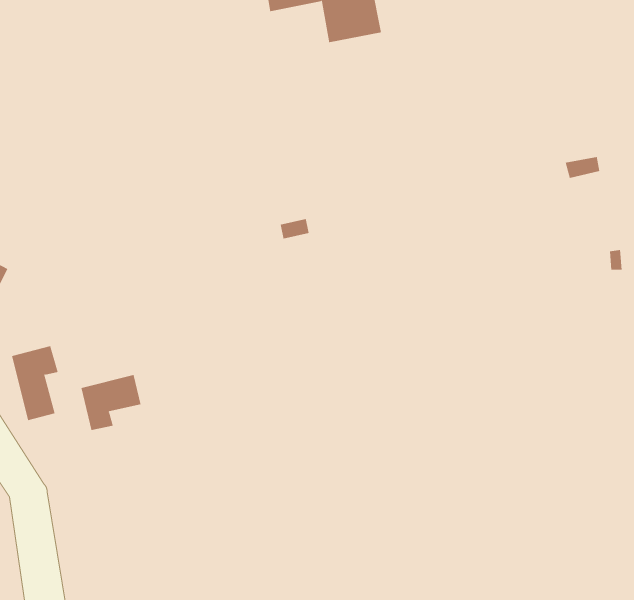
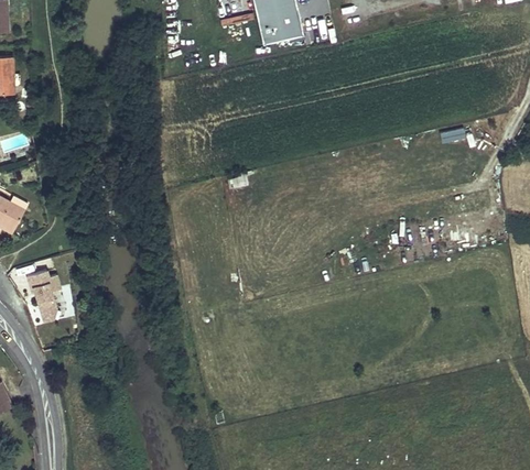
building: [81,374,141,431] -> none

